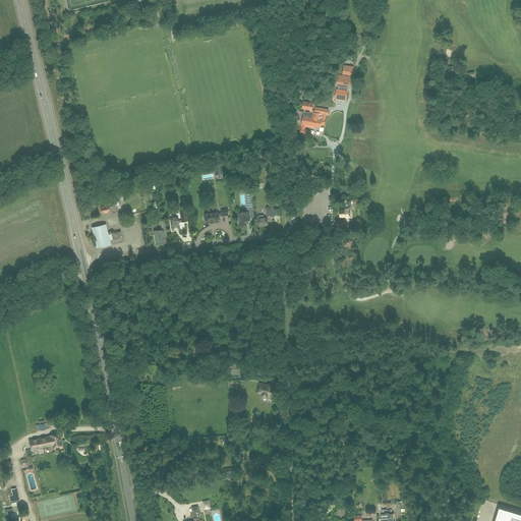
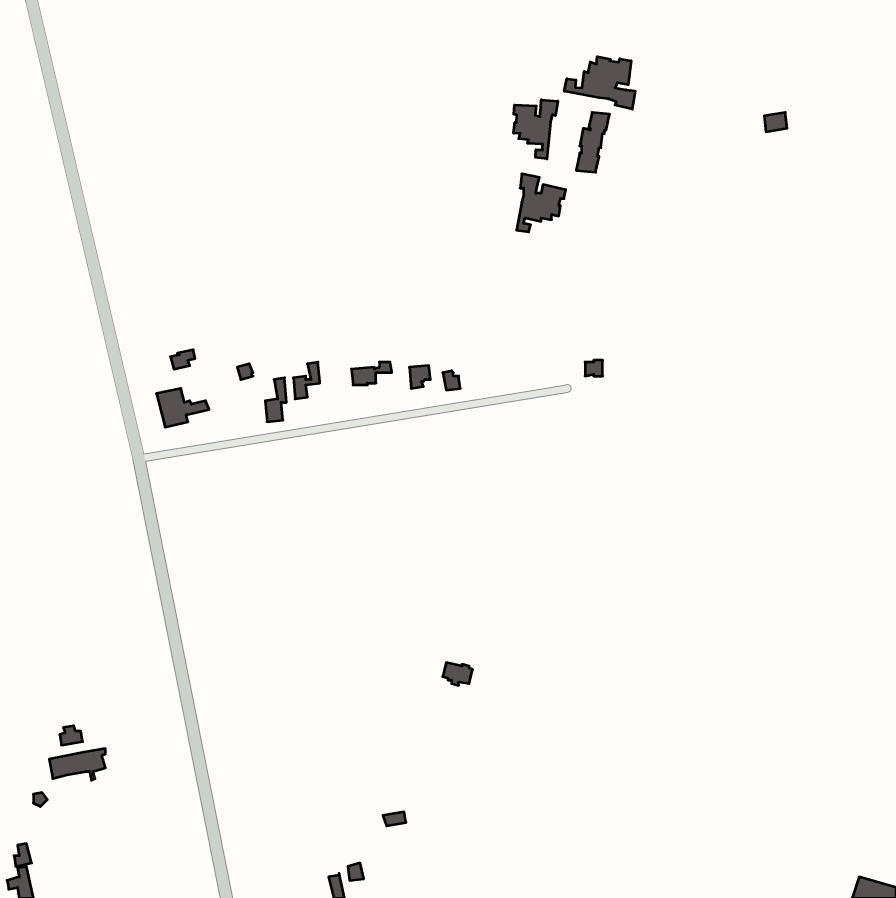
building: none -> [564,57,635,109]
building: none -> [514,100,558,159]

